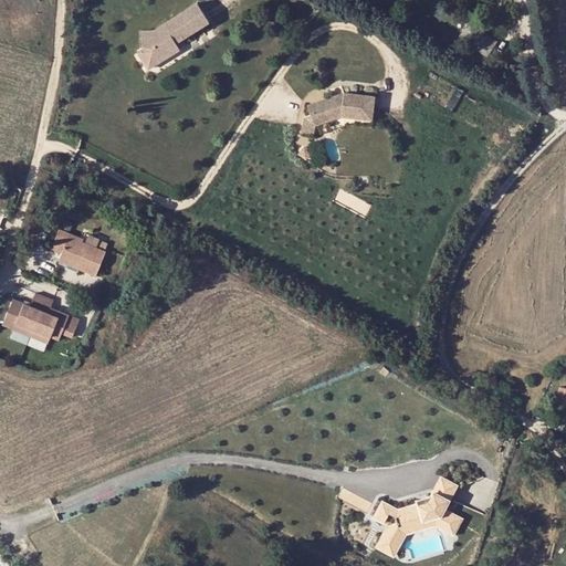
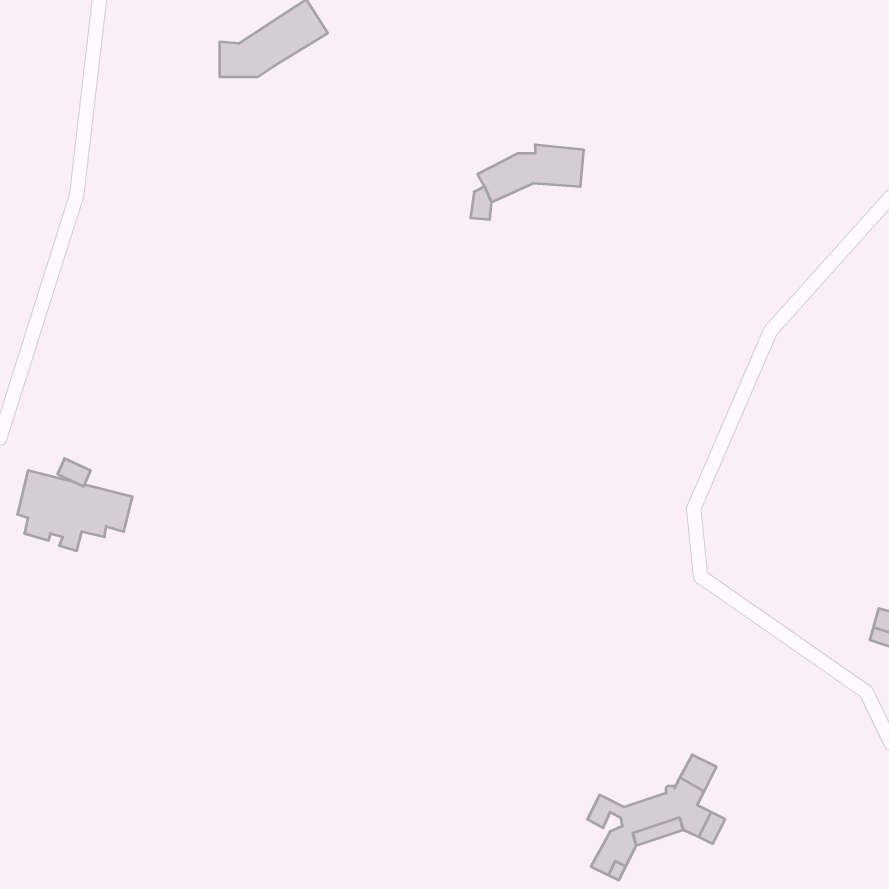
building: [136,43,179,70] -> none
building: [52,229,106,275] -> none

